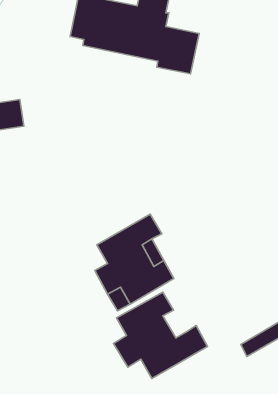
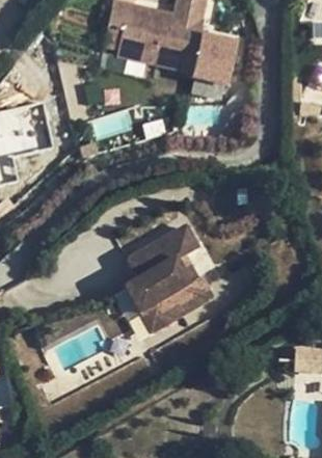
building: [113,292,208,378] -> none

